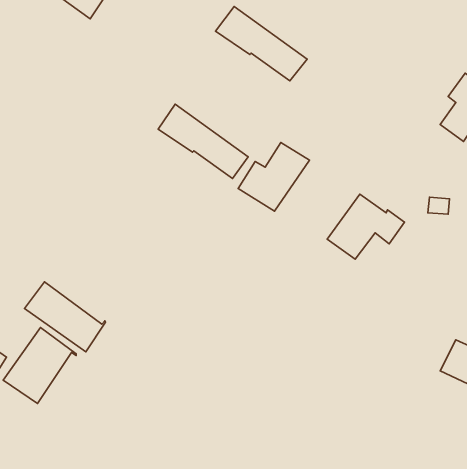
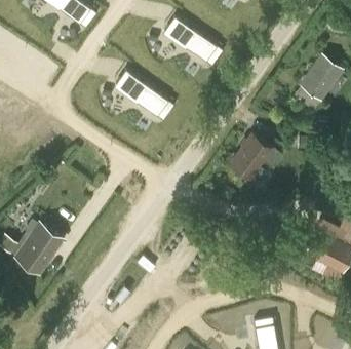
building: [238,142,309,211] -> none
building: [25,282,105,352] -> none

